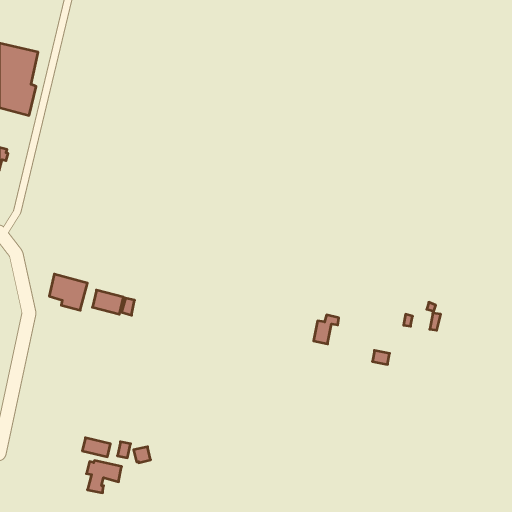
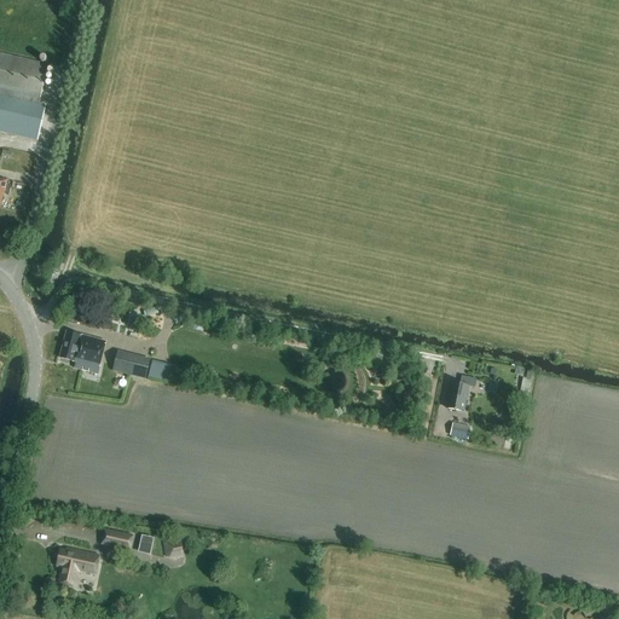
building: [314,315,339,344] -> [445,376,475,411]
building: [86,461,122,493] -> [56,548,98,586]

